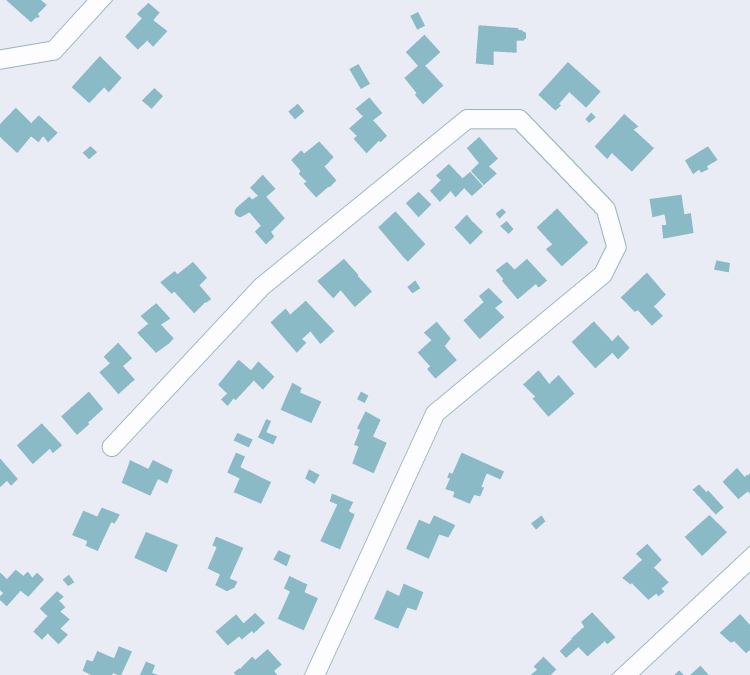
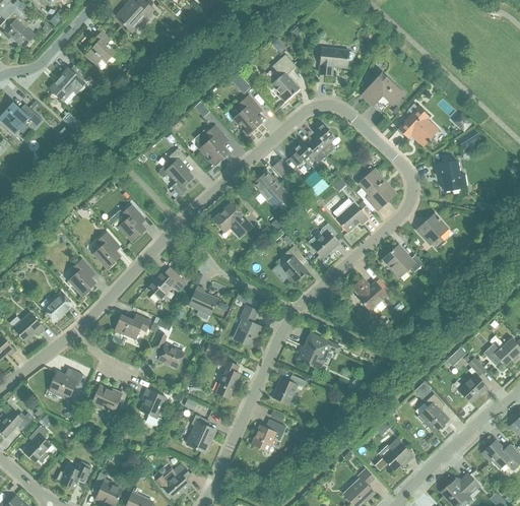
building: [270,300,335,354] -> none
building: [120,459,174,497] -> [115,314,150,339]
building: [214,612,266,646] -> none

